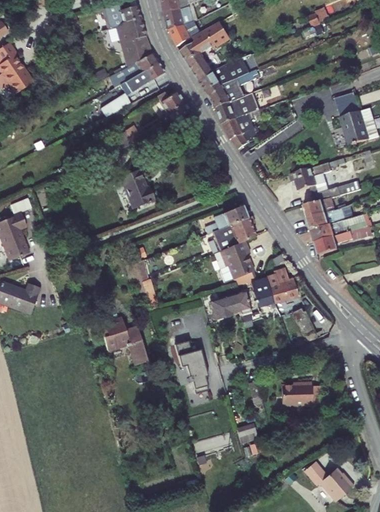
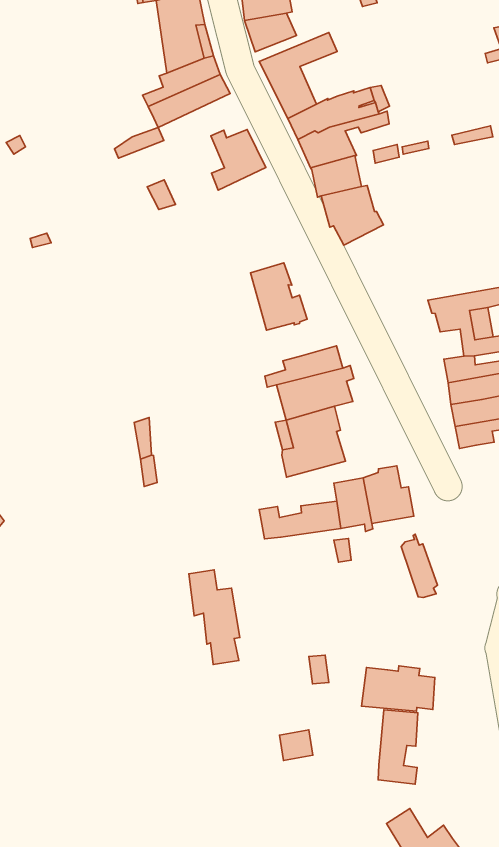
building: [119,169,154,208] -> [250,263,307,330]
building: [102,315,148,364] -> none
building: none -> [378,710,418,784]

